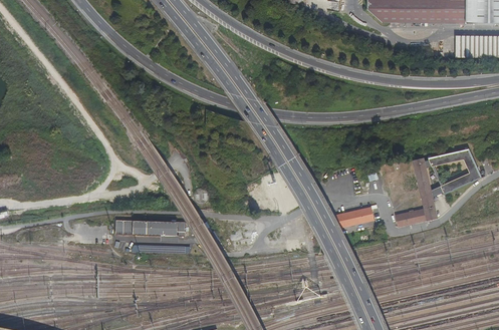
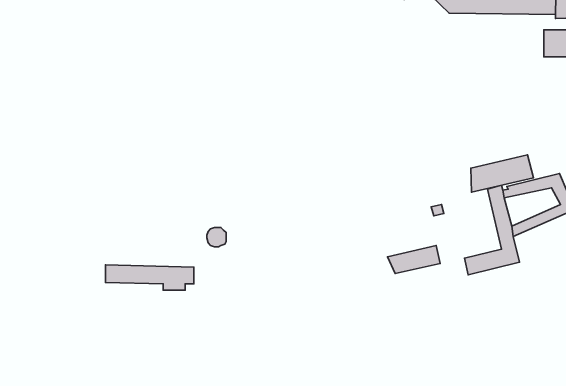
building: none -> [471,155,533,192]

